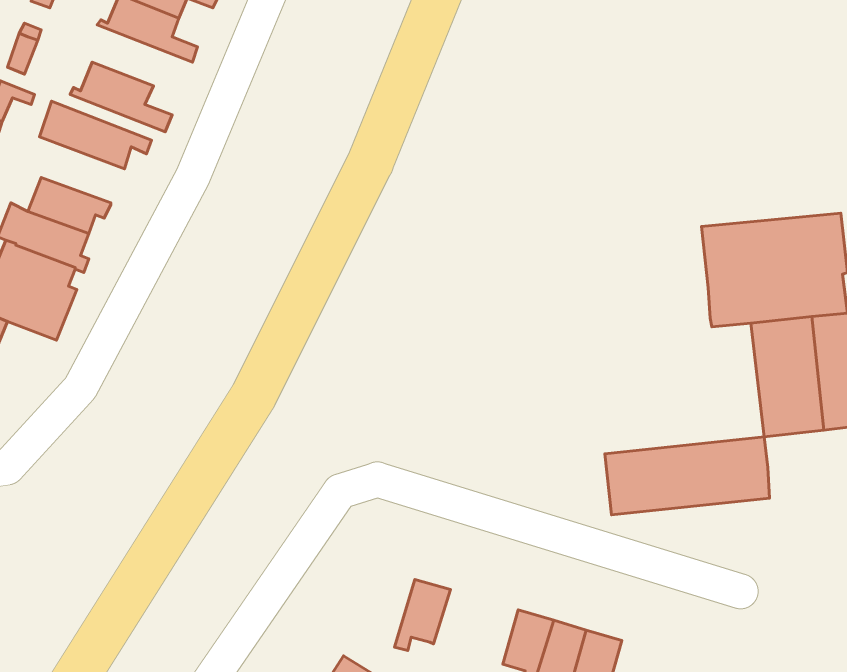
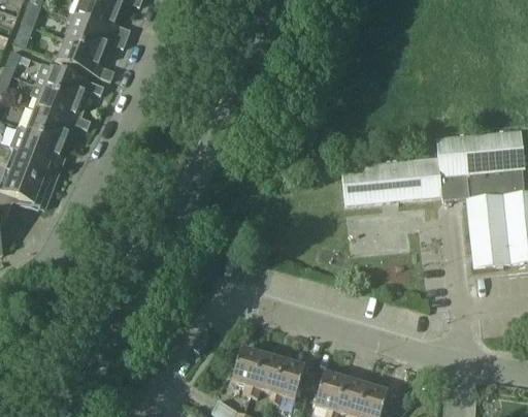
building: none -> [66,15,127,53]
building: none -> [30,84,90,128]
building: [605,437,769,515] -> [341,157,441,204]
building: none -> [232,347,262,394]
building: none -> [269,359,305,403]

